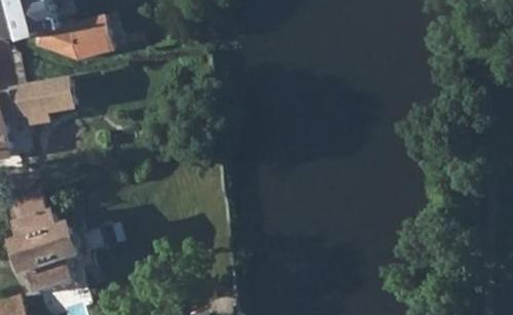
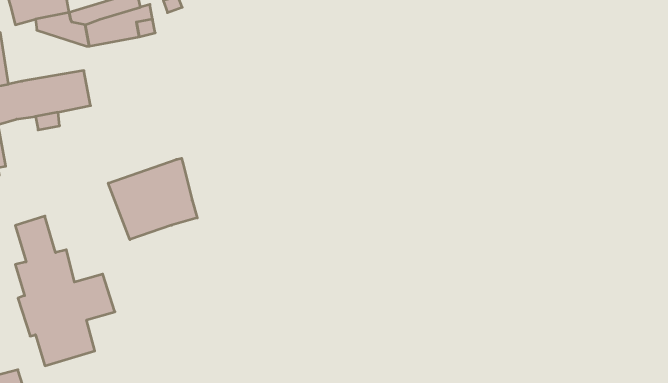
building: none -> [108,158,197,240]

